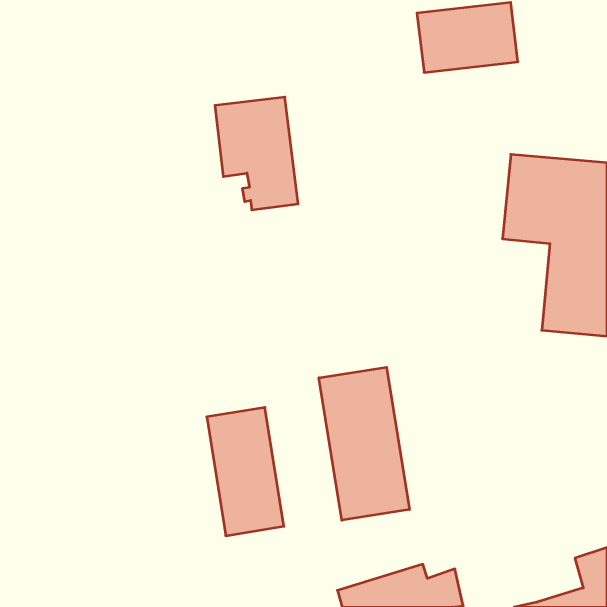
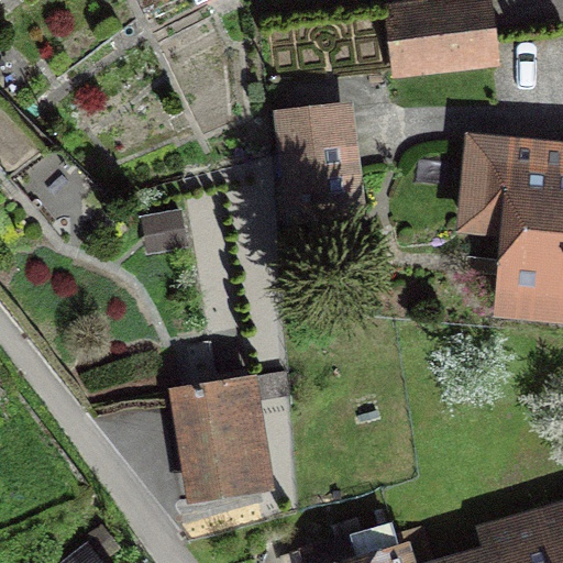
building: [215,97,298,210] -> [277,107,354,211]
building: [319,367,409,520] -> none

